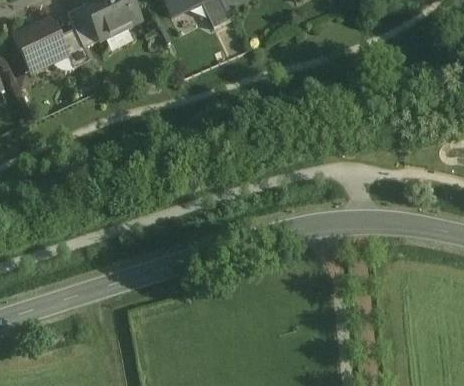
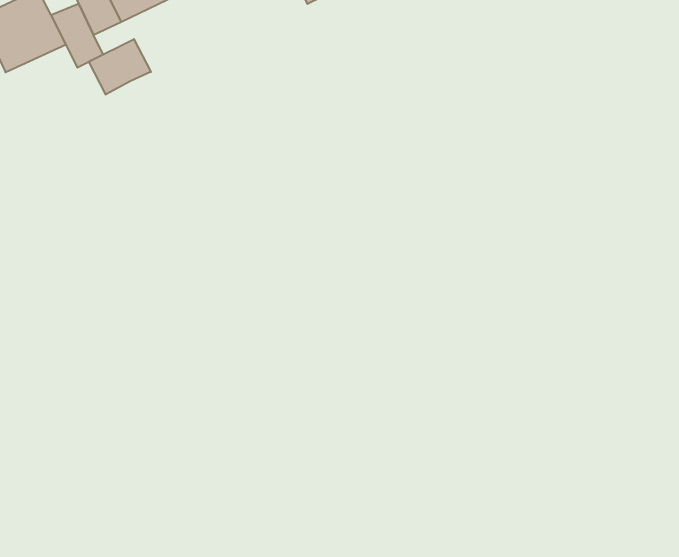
building: none -> [89,39,151,95]

